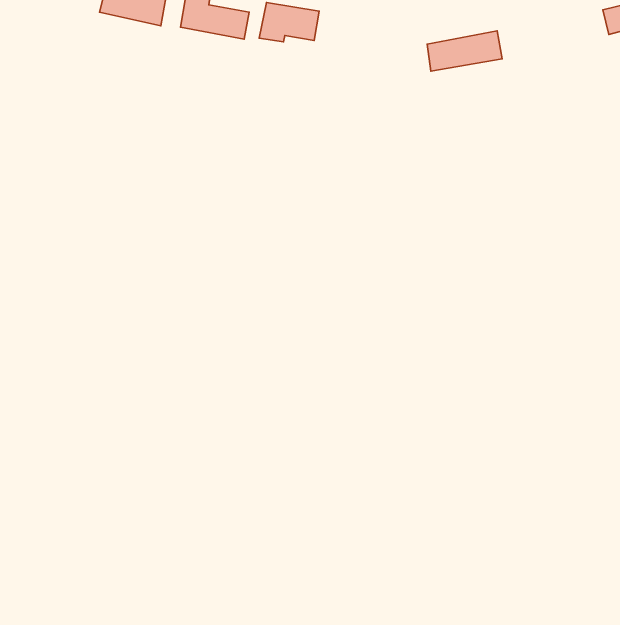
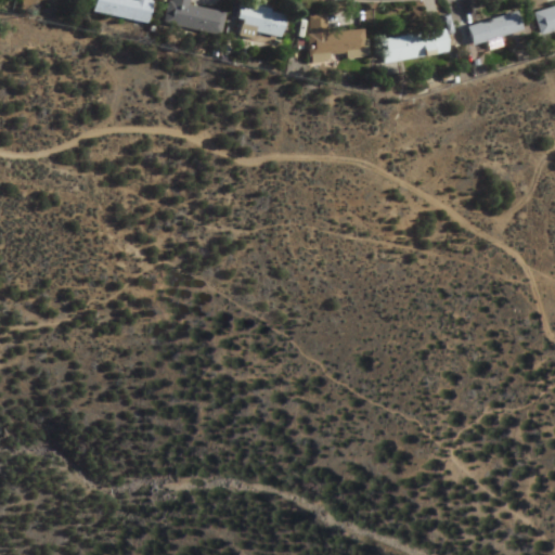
building: none -> [467,11,521,48]
building: none -> [312,15,367,54]

